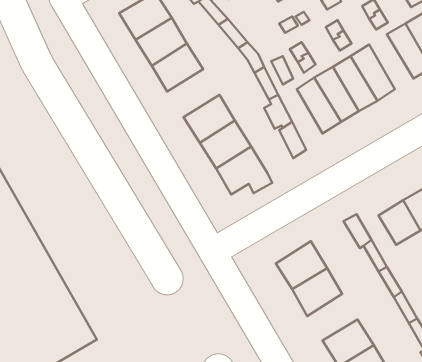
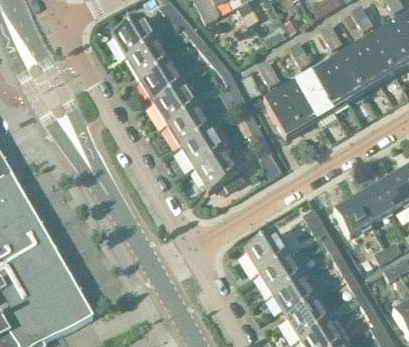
building: none -> [325,53,363,100]
building: none -> [152,83,197,124]
building: none -> [272,275,315,315]

